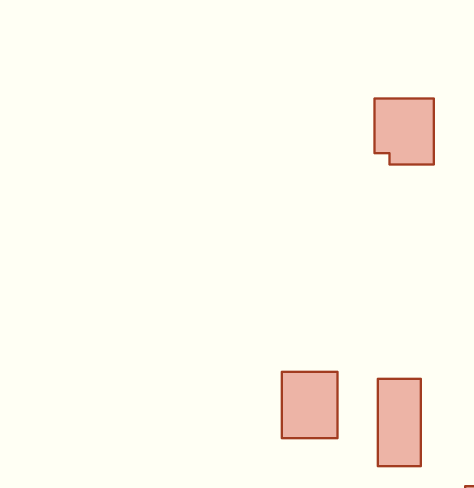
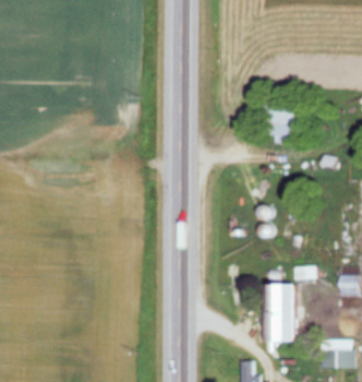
building: [282,372,337,438] -> none

